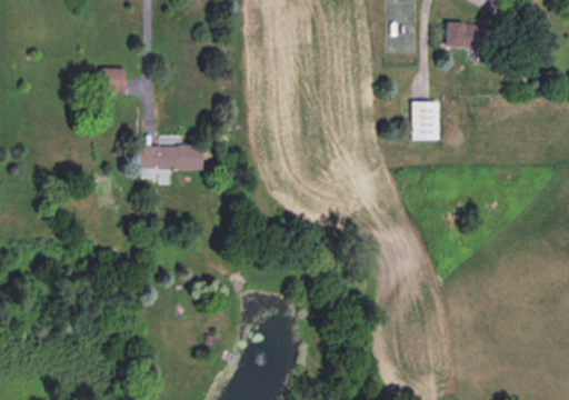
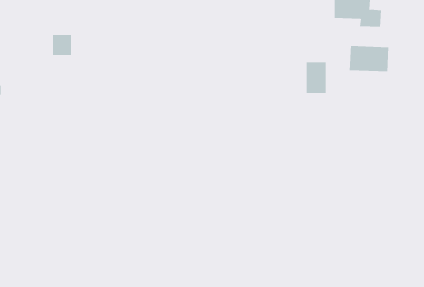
building: none -> [349,45,389,72]
building: [139,144,202,169] -> none

